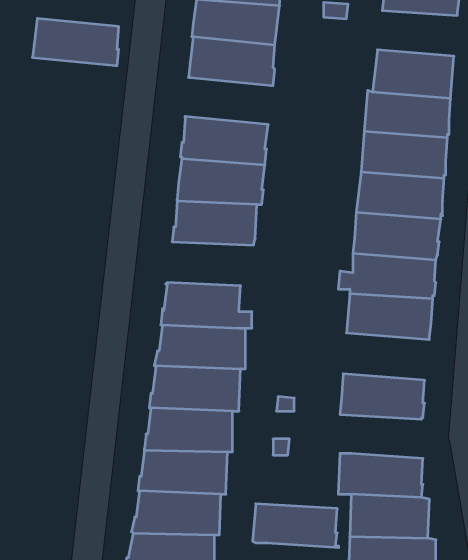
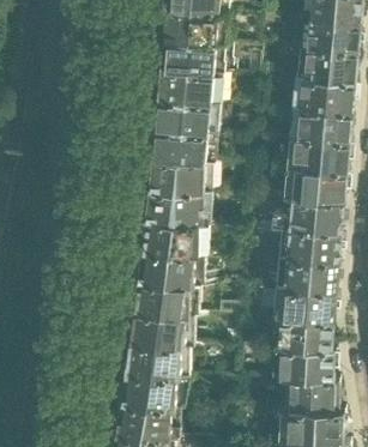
building: none -> [300,18,358,52]
building: [32,18,119,66] -> [158,67,222,102]
building: none -> [145,188,211,221]
building: none -> [275,255,338,290]
building: [253,504,339,548] -> [270,315,333,348]

